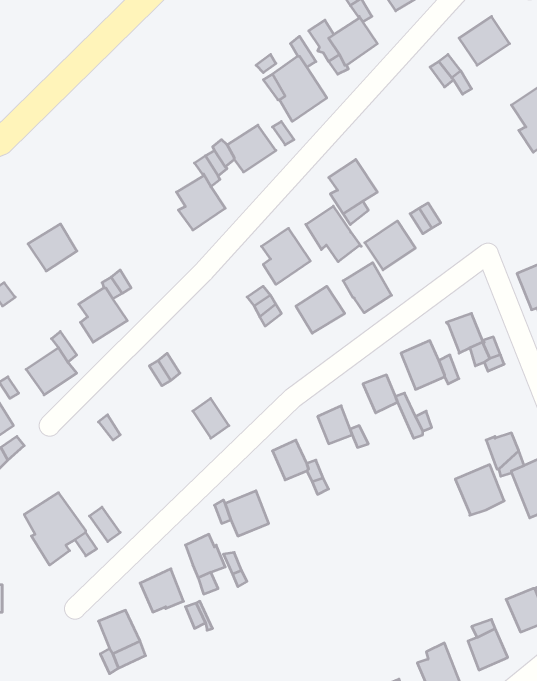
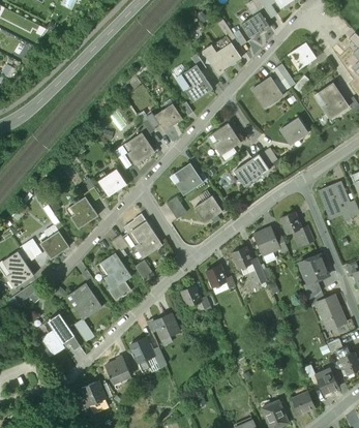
building: none -> [255,77,282,109]
building: none -> [280,118,308,146]
building: [306,206,361,262] -> none
building: [28,224,77,271] -> [98,170,126,196]
building: [343,263,392,313] -> none
building: none -> [123,214,162,257]
building: none -> [100,252,131,289]
building: none -> [71,283,101,320]
building: [455,465,504,515] -> [300,254,328,283]

